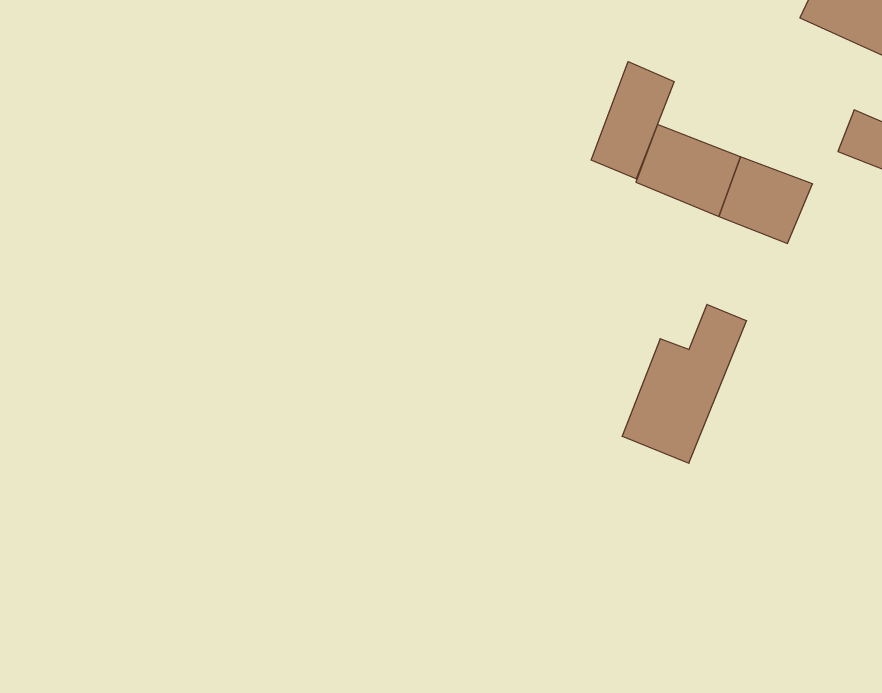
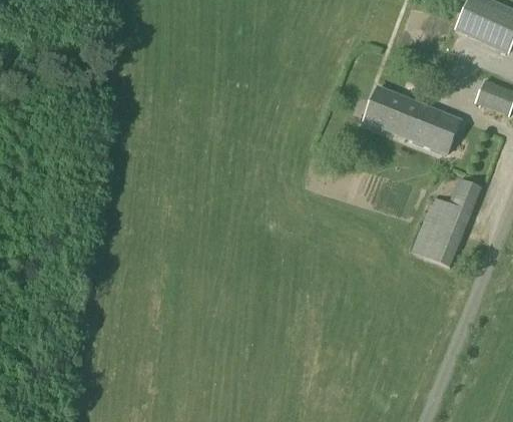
building: [591,62,674,179] -> none
building: [622,304,747,463] -> [412,178,481,267]

